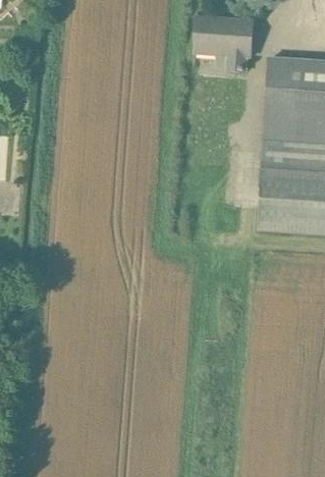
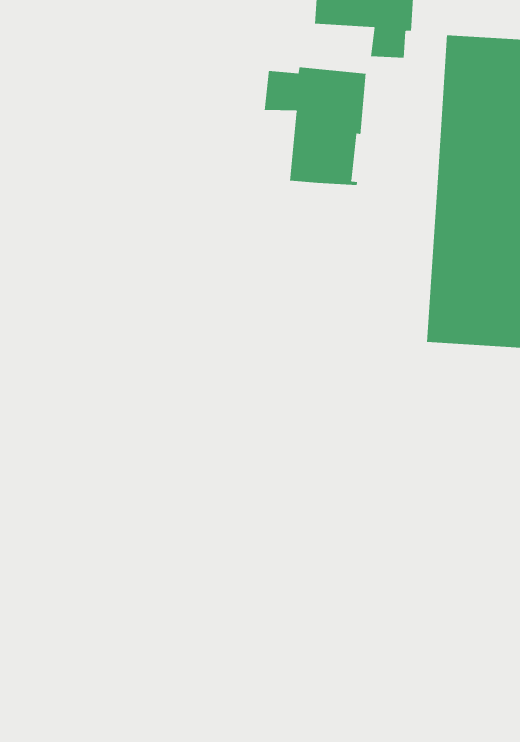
building: none -> [264,67,366,186]

